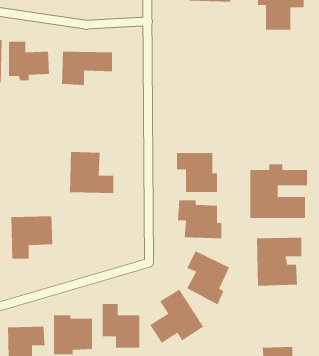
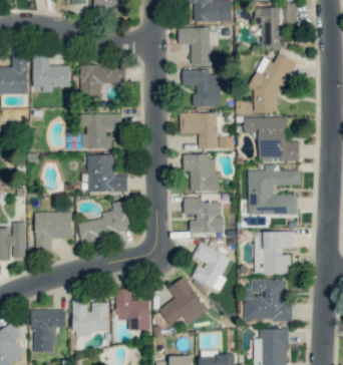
building: none -> [179,27,211,65]
building: none -> [249,53,296,112]
building: none -> [183,71,221,107]
building: none -> [180,112,218,148]
building: none -> [80,113,122,149]
building: none -> [244,116,300,161]
building: none -> [78,201,131,242]
building: none -> [244,279,292,321]

